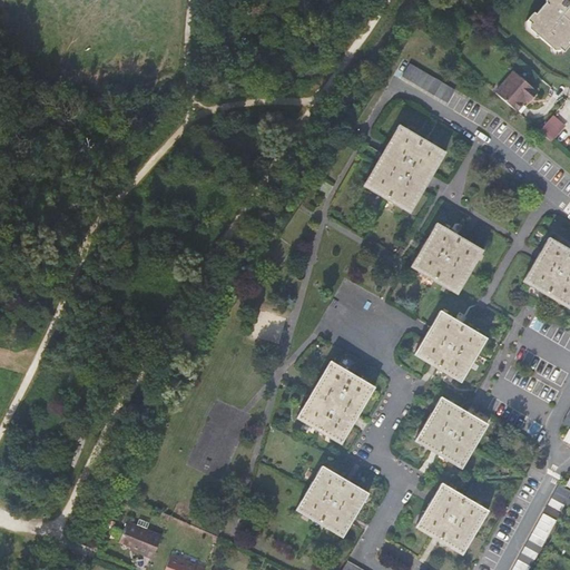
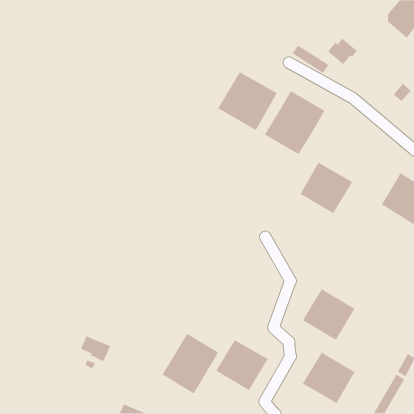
building: [495,72,538,110] -> [327,38,358,65]
building: none -> [217,71,278,131]
building: [414,309,488,382] -> none
building: [297,360,376,444] -> [162,333,219,394]
building: [119,522,161,559] -> [80,335,111,362]

